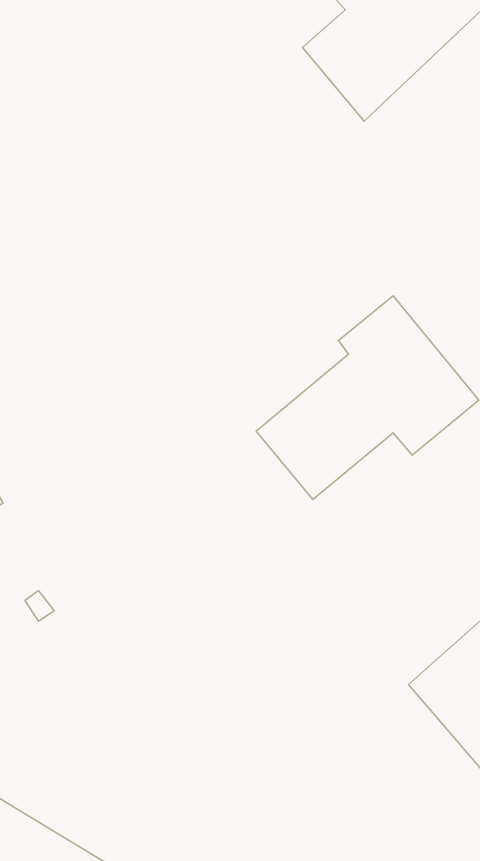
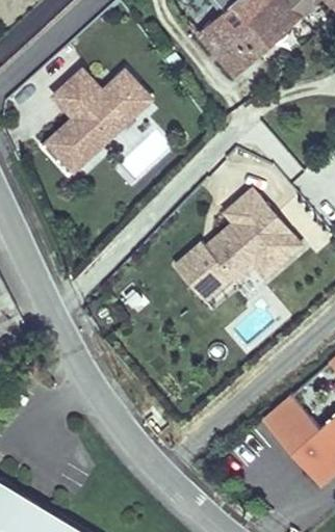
building: none -> [48,63,154,168]

